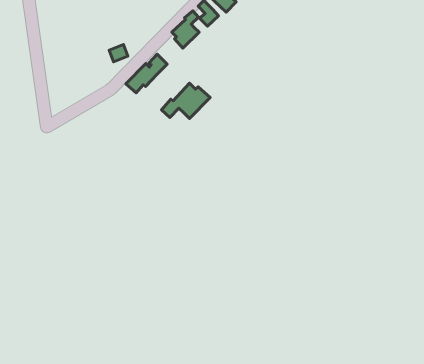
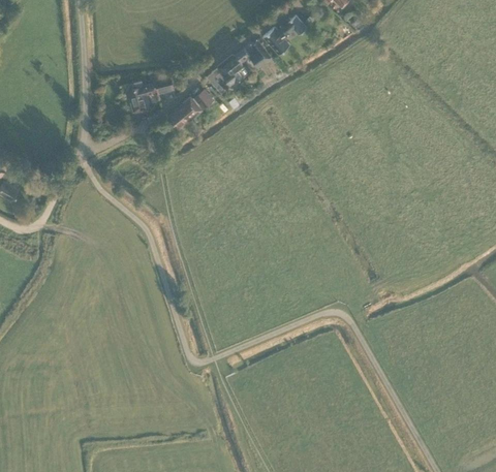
building: none -> [127,81,154,114]
building: [162,83,210,118] -> none

